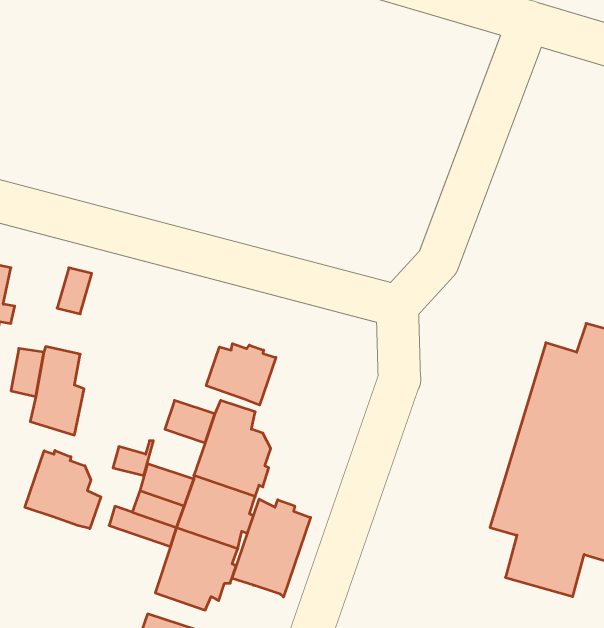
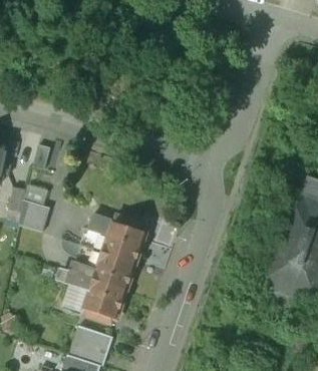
building: [206,344,276,405] -> none
building: [25,450,101,529] -> none
building: [232,499,311,597] -> none

